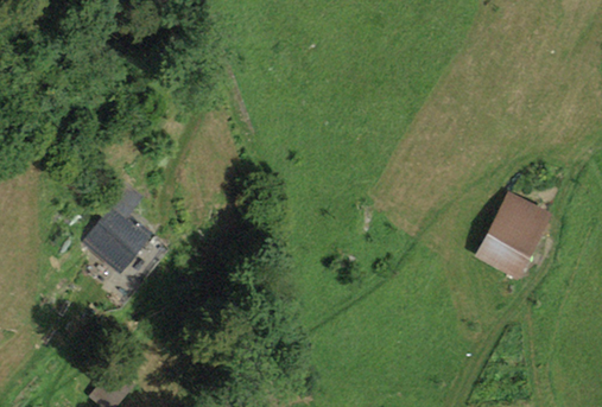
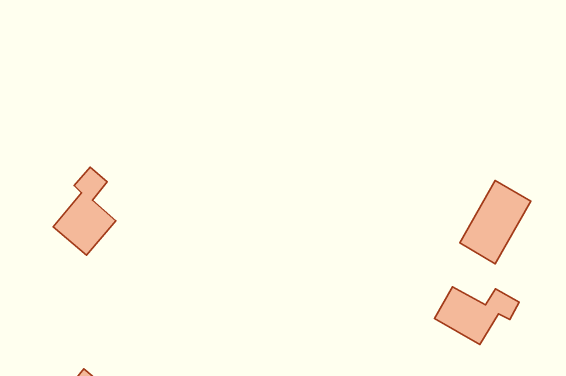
building: none -> [434,287,519,344]

